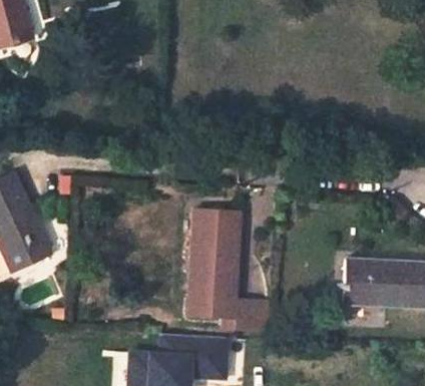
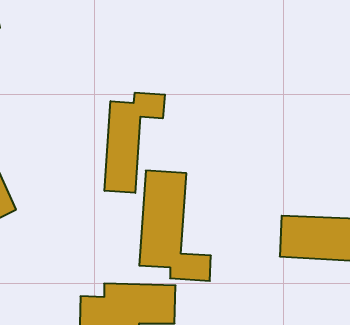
building: none -> [105,93,165,193]

